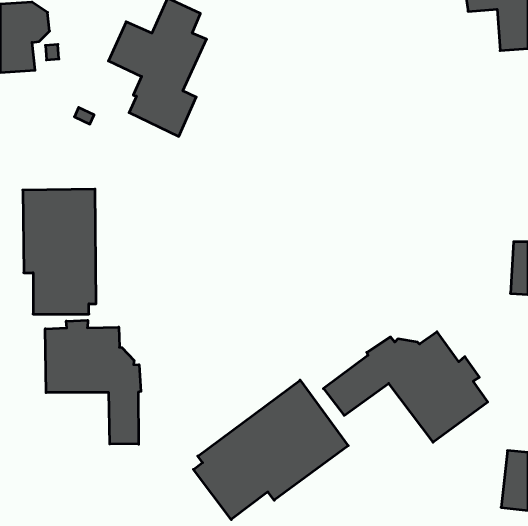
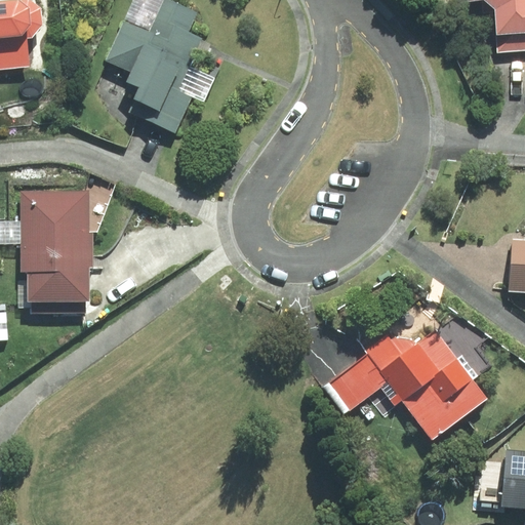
building: [45,320,141,444] -> none
building: [193,380,348,520] -> none

